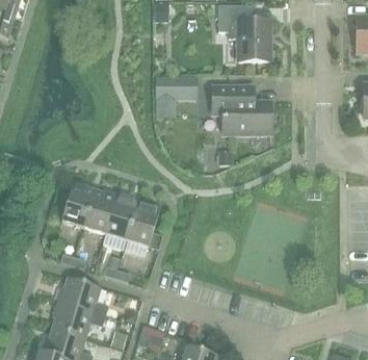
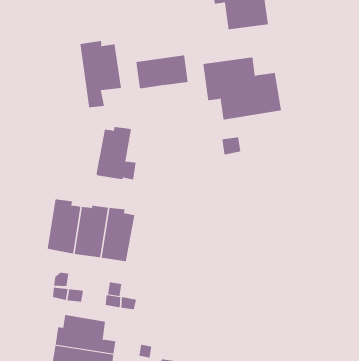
building: none -> [80,40,121,108]
building: [126,202,161,249] -> [95,126,136,180]

